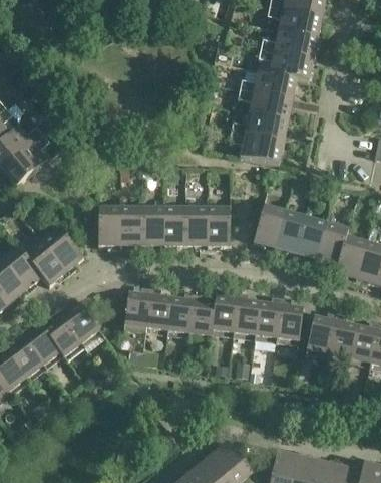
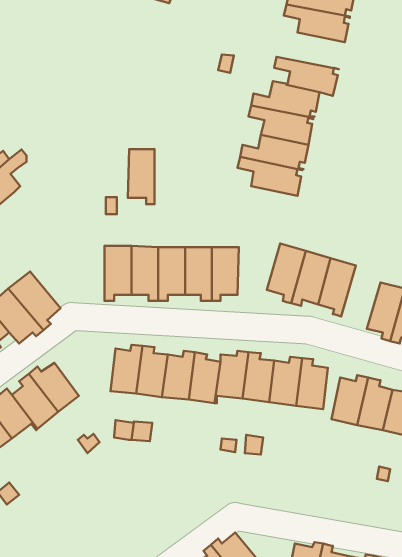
building: [252,30,316,60] -> none
building: [96,206,118,251] -> [128,149,155,204]
building: [313,222,347,274] -> none

